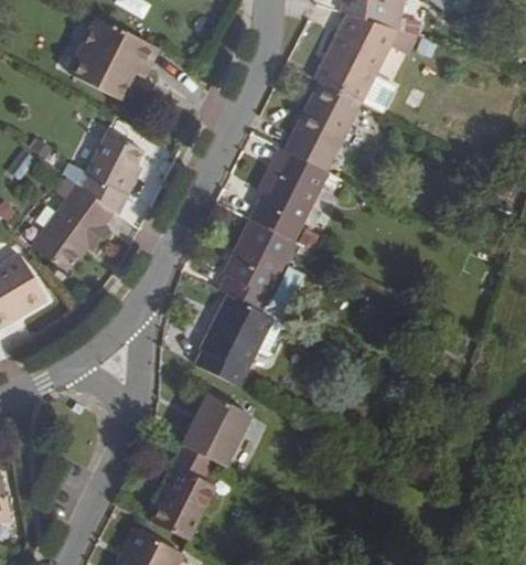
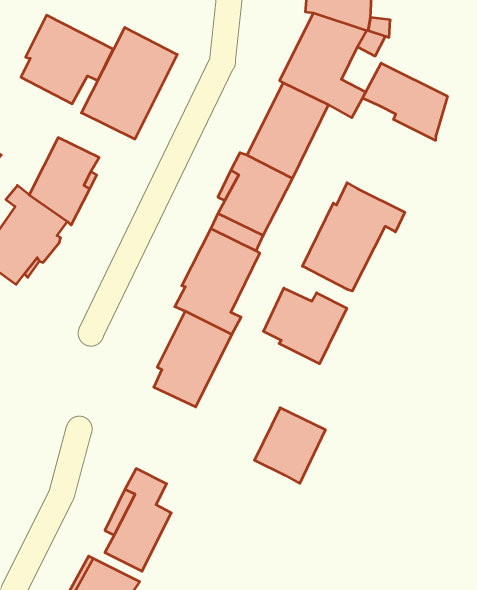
building: none -> [81,27,177,139]
building: none -> [363,63,447,140]
building: none -> [302,183,405,291]
building: none -> [263,288,347,364]
building: [181,396,248,468] -> [254,408,325,483]

